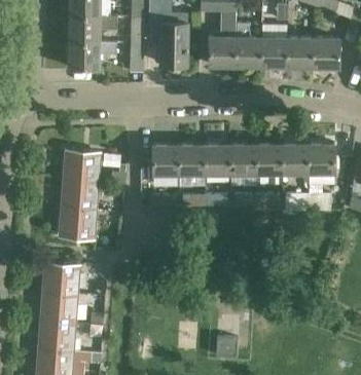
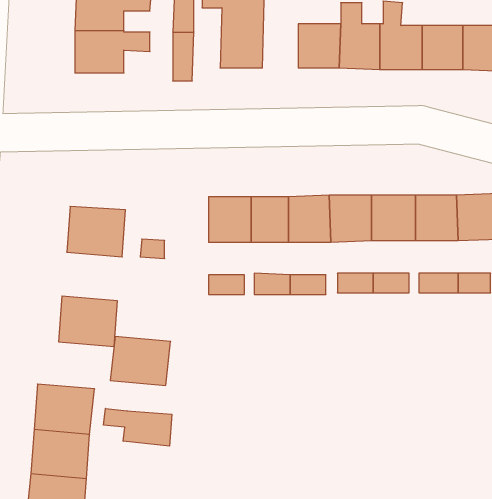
building: [60,182,98,213] -> [110,336,171,385]
building: none -> [104,408,172,446]

